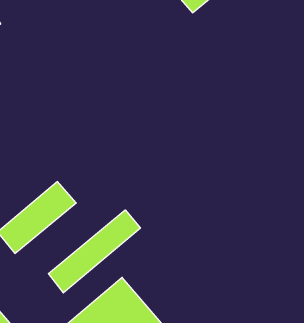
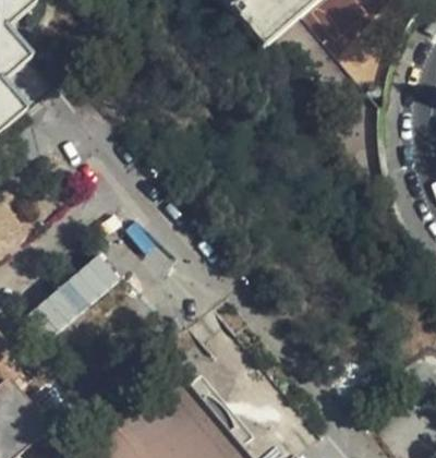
building: [48,210,140,293] -> none

